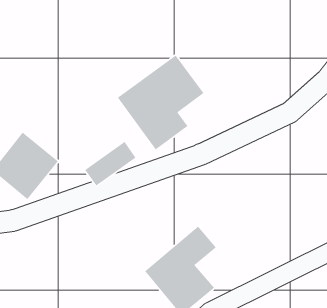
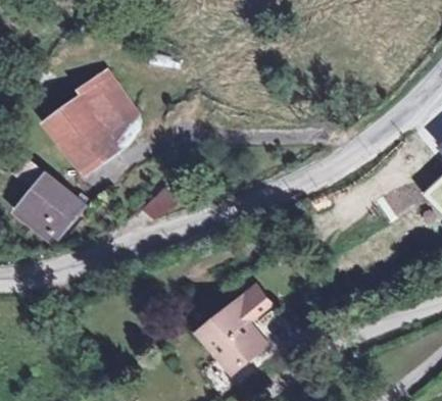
building: [117,54,205,151] -> [40,67,146,184]

